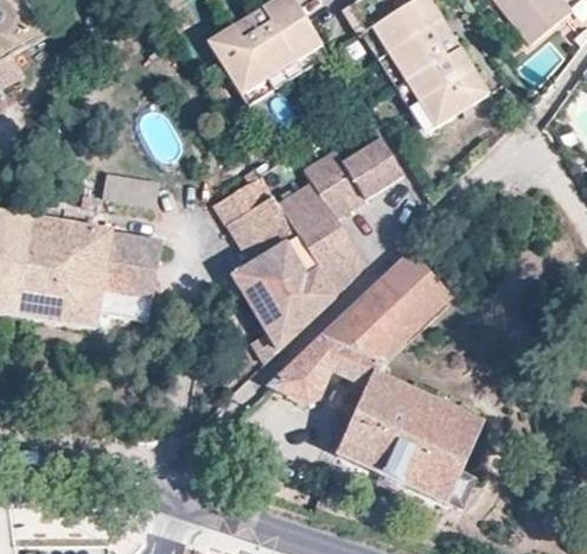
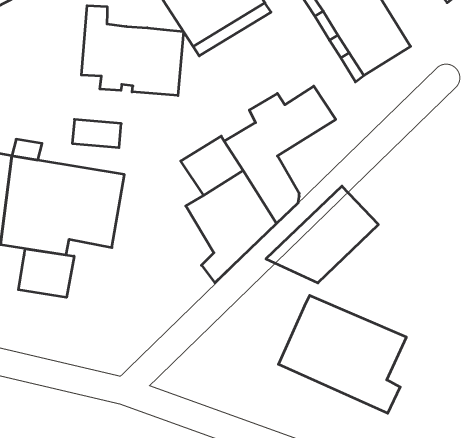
building: none -> [81,6,183,96]
building: [213,167,272,222] -> none
building: none -> [18,249,74,297]
building: [269,333,382,402] -> none

